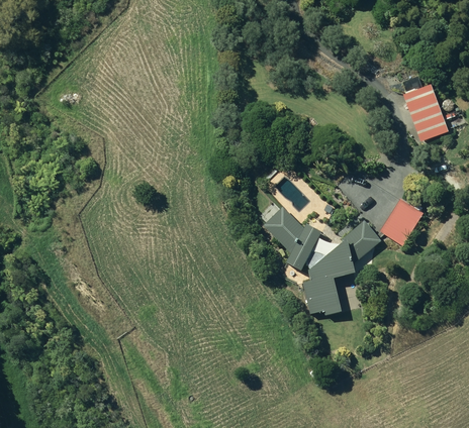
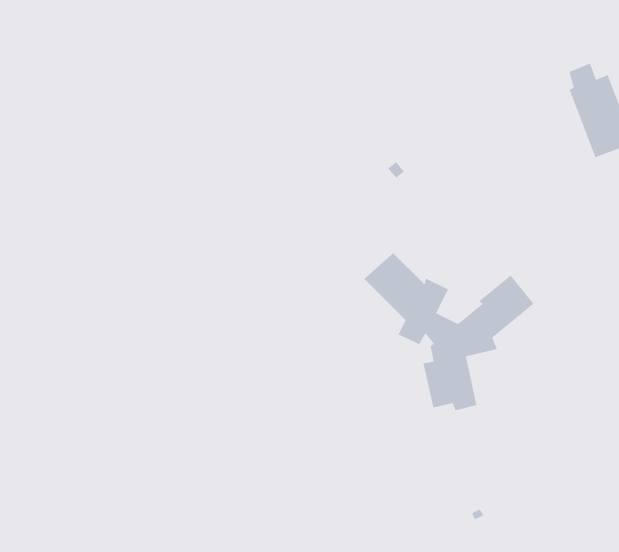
building: [379,198,423,245] -> none

